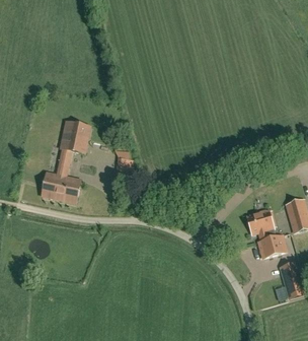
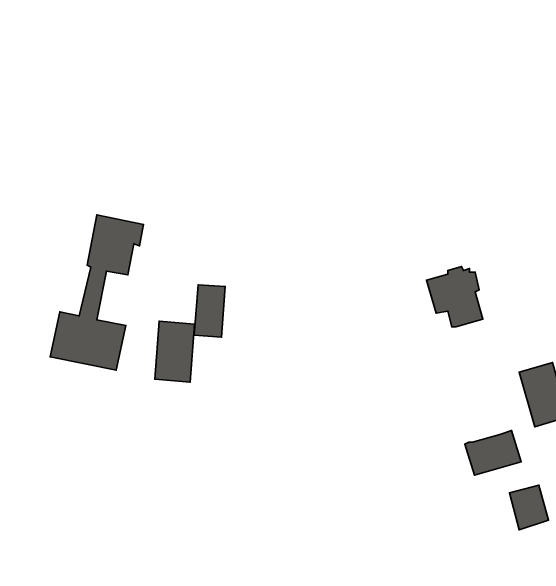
building: none -> [155,321,195,382]
building: [246,208,276,240] -> [427,266,483,327]

